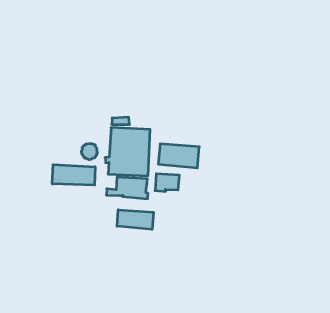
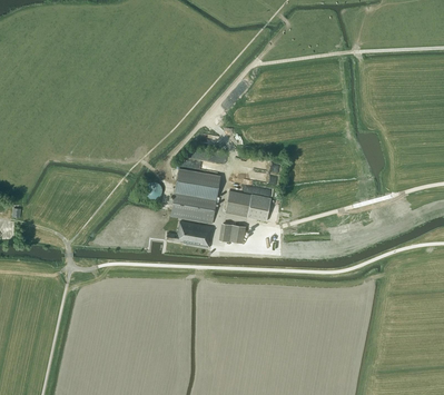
building: [52,165,95,185] -> none
building: [117,210,153,229] -> none

